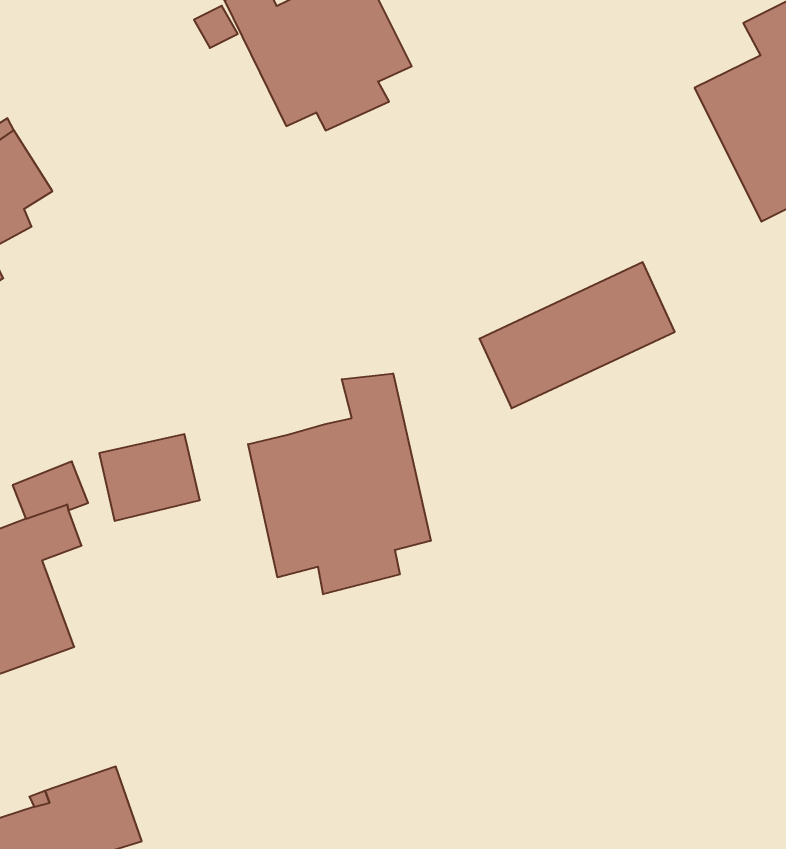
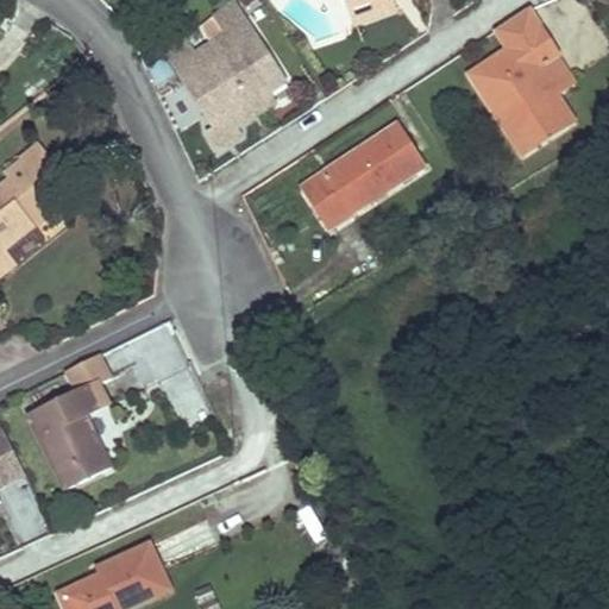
building: [479,262,675,408] -> [304,124,427,225]
building: [248,373,431,594] -> none

